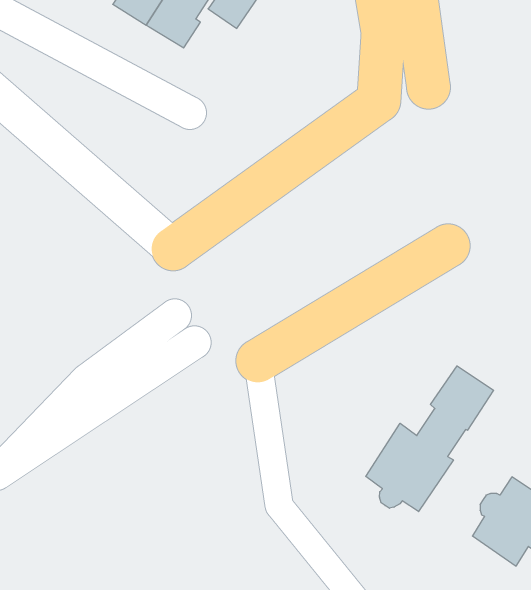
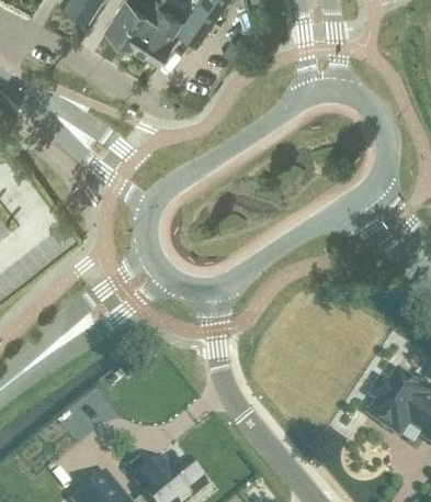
building: [366,366,494,512] -> none

